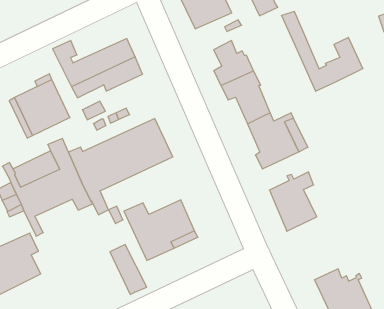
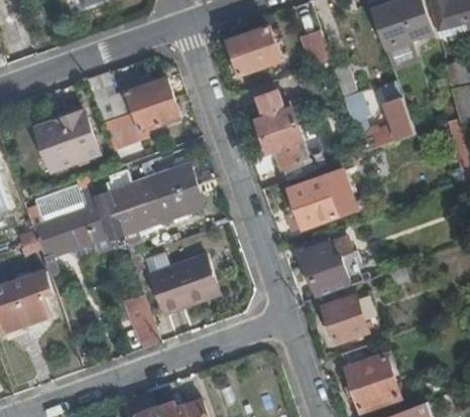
building: none -> [324,294,371,341]

